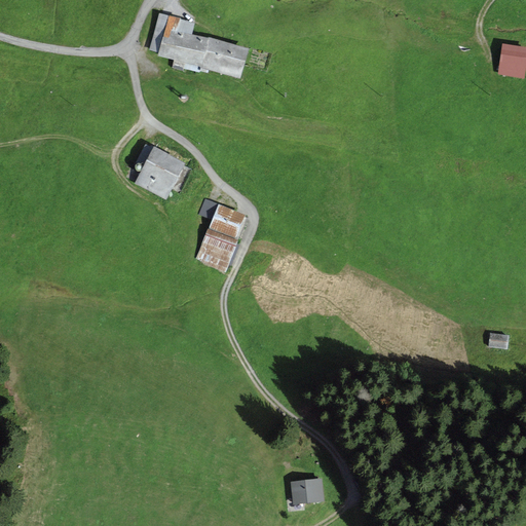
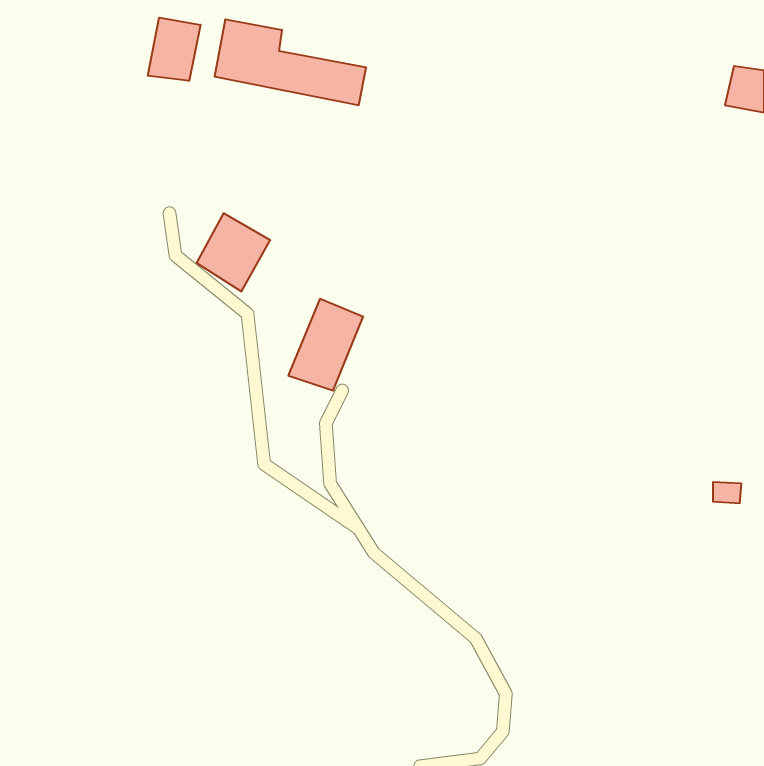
building: none -> [148,18,201,81]
building: [289,479,322,514] -> none

